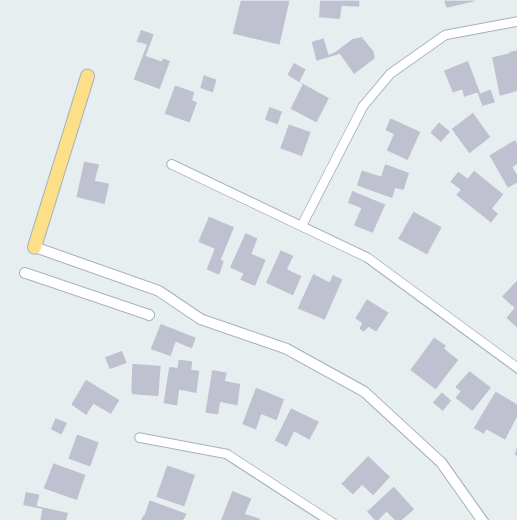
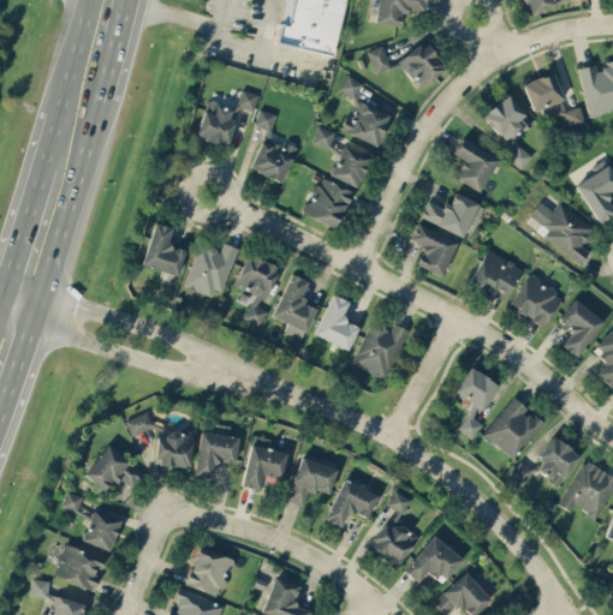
building: [132,29,171,90] -> [251,109,297,181]
building: [451,112,492,155] -> [484,94,532,144]
building: none -> [304,177,353,229]
building: [75,161,110,205] -> [144,223,185,275]
building: none -> [185,243,238,297]
building: none -> [510,274,564,327]
building: none -> [559,293,606,357]
building: [354,298,390,333] -> [457,368,499,408]
building: [150,323,197,357] -> none
building: none -> [371,490,419,566]

